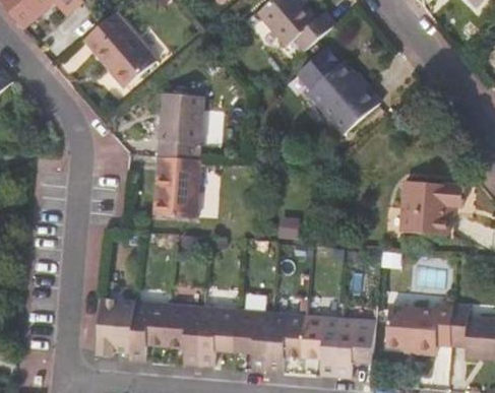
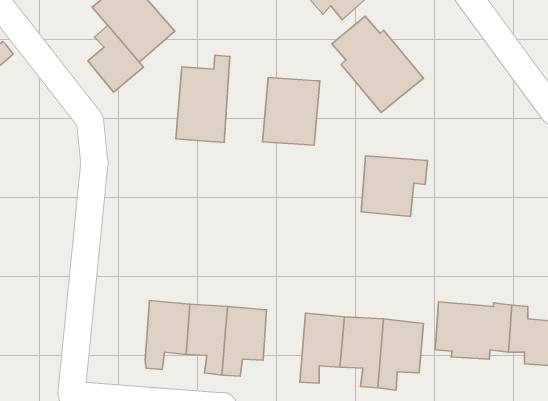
building: none -> [88,25,144,92]
building: [152,156,203,216] -> [262,77,320,145]
building: [404,181,462,235] -> [361,156,428,217]
building: [101,297,134,356] -> none
building: [235,308,272,372] -> none

